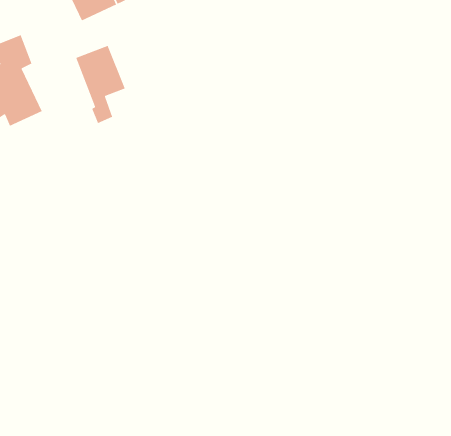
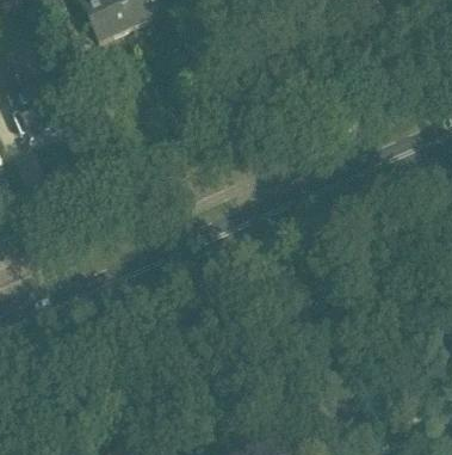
building: [75,45,126,124] -> none

